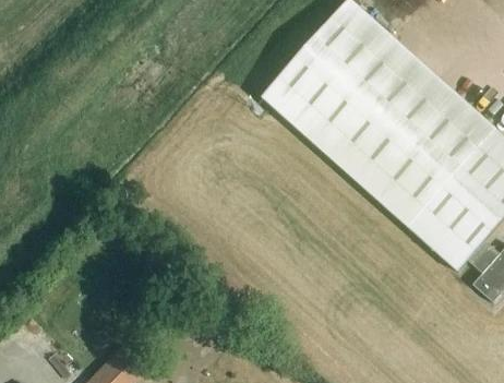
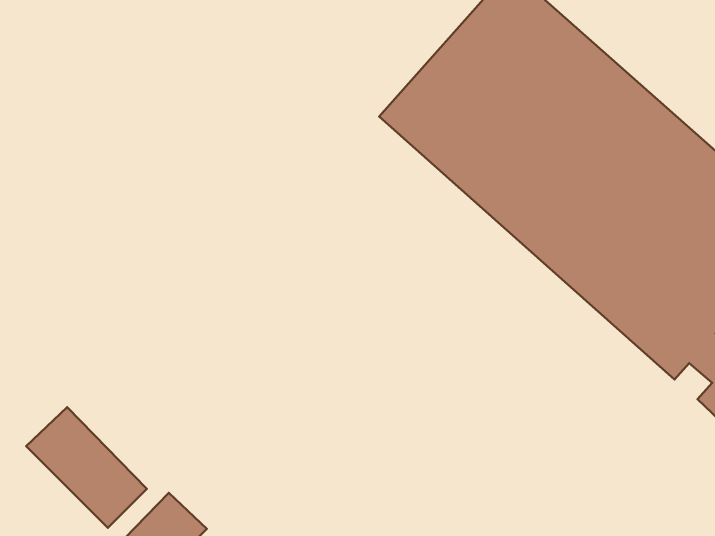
building: none -> [26,407,147,528]

